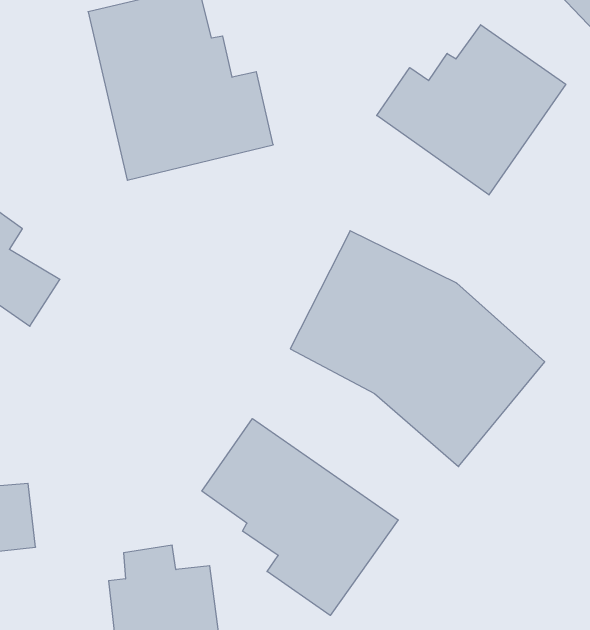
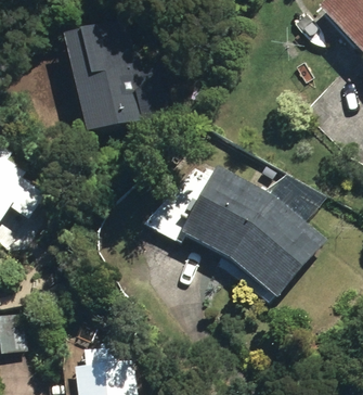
building: [377,25,566,195] -> none
building: [202,419,398,615] -> none

